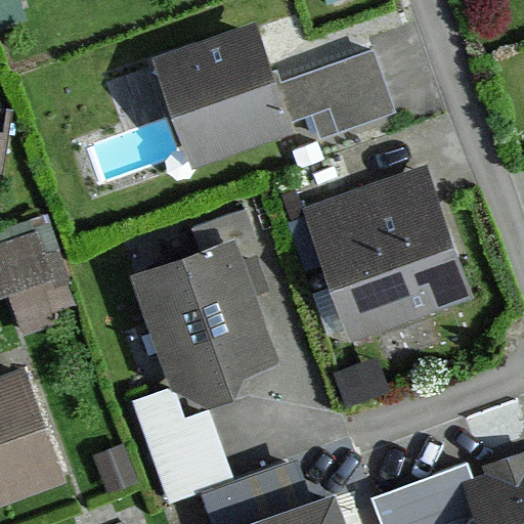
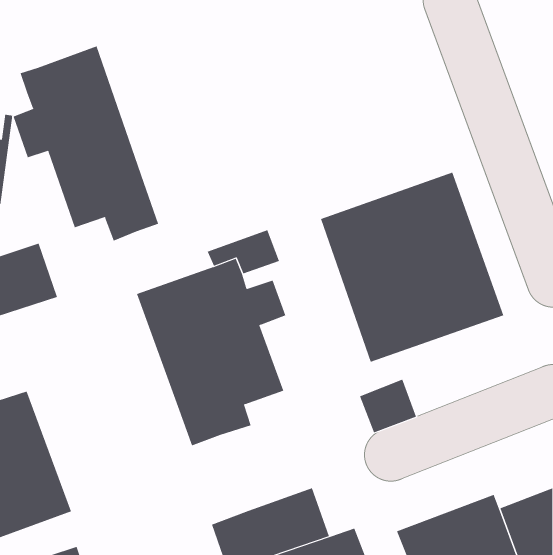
building: [149,18,394,168] -> none
building: none -> [13,46,159,241]
building: [131,387,233,505] -> none

